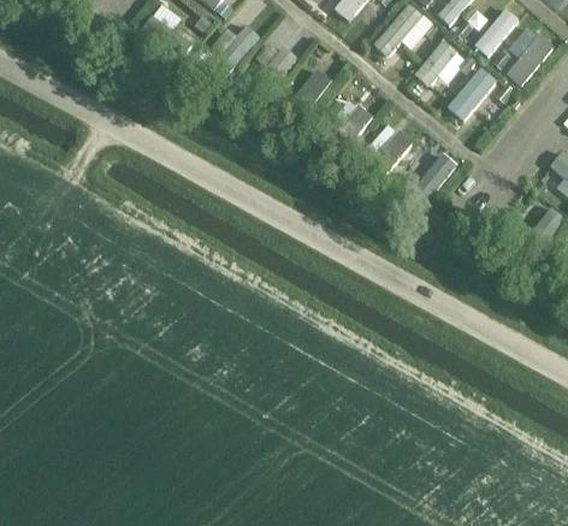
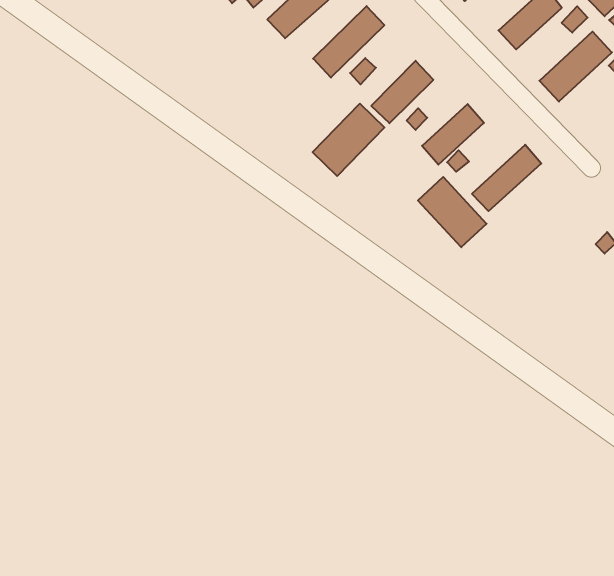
building: none -> [313,104,384,176]
building: none -> [418,177,487,247]

